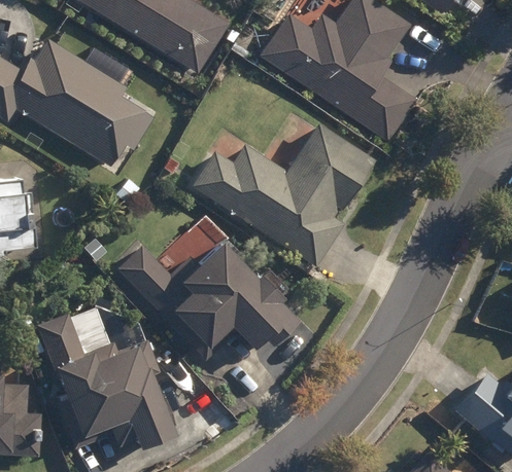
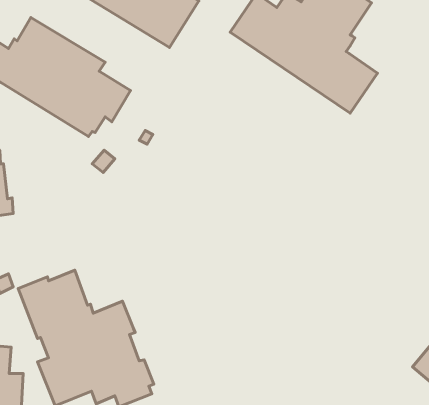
building: [190,122,373,263] -> none
building: [115,243,298,358] -> none

